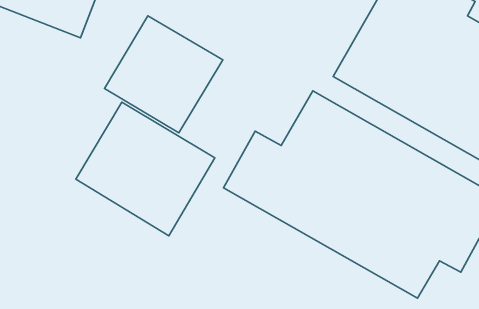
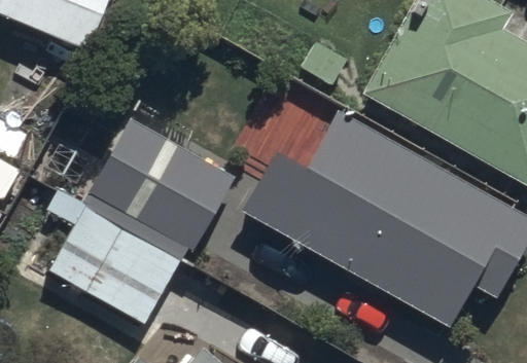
building: [105,16,223,133] -> none
building: none -> [43,186,183,325]

